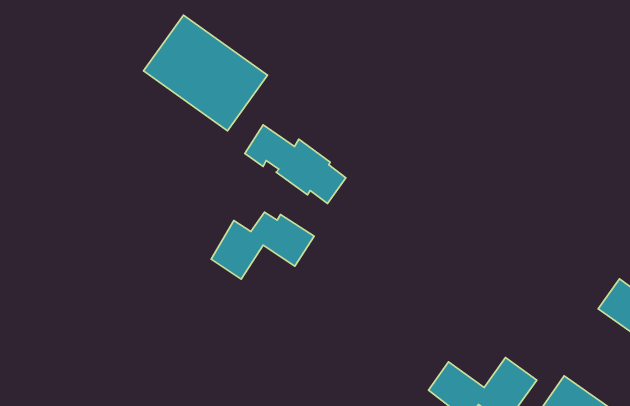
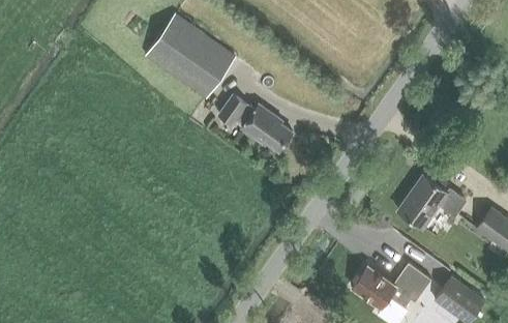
building: [211,212,314,279] -> none
building: none -> [397,174,468,228]

